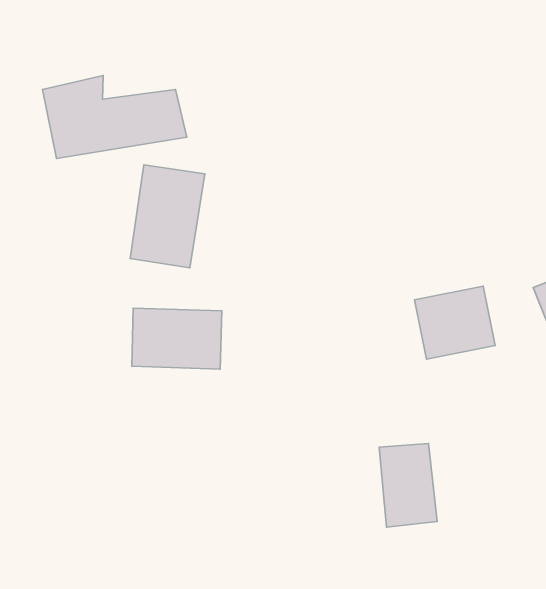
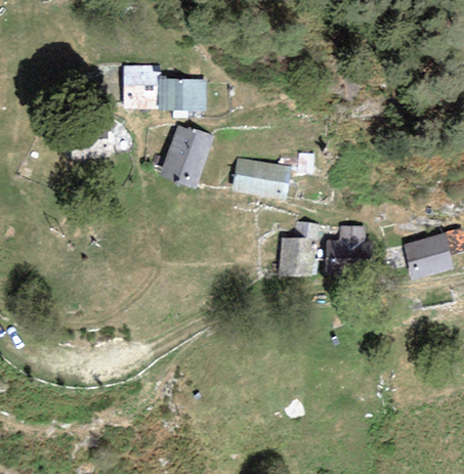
building: [132,308,222,369] -> [231,154,293,201]
building: [379,444,437,527] -> [279,230,313,283]

